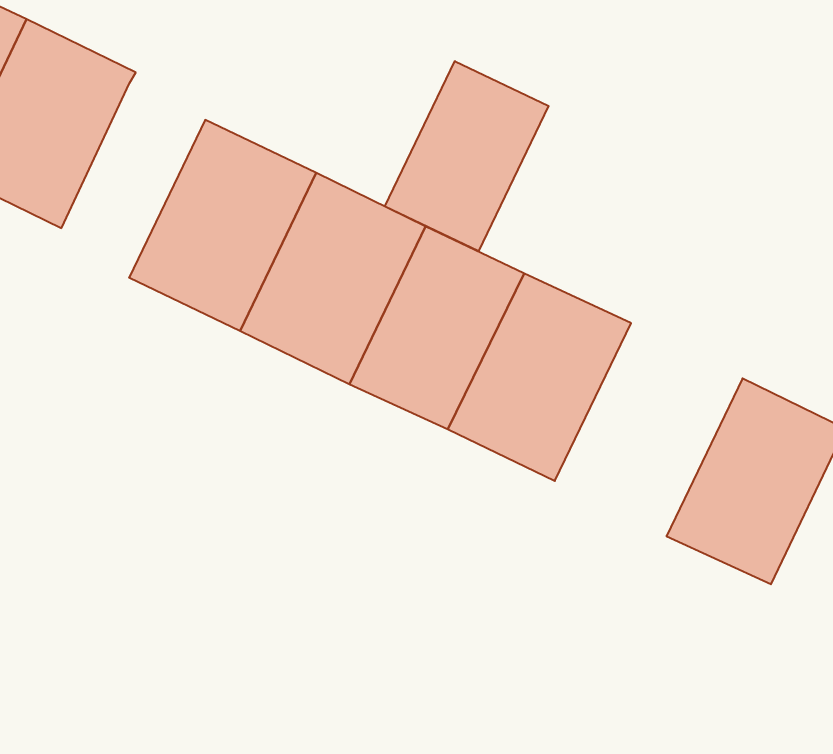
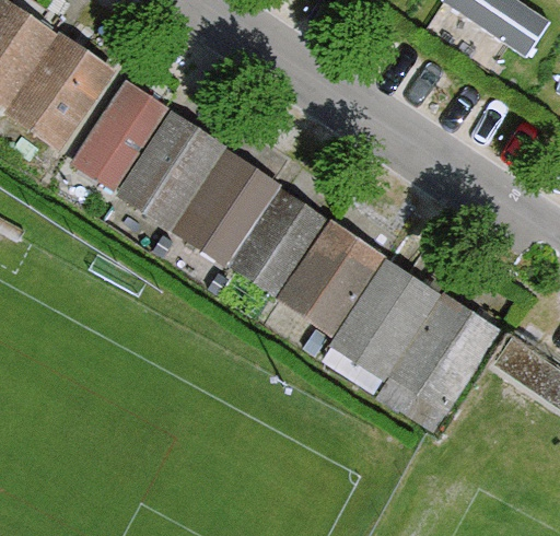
building: [385,61,549,251] -> none
building: none -> [70,83,164,191]
building: none -> [331,256,444,377]

